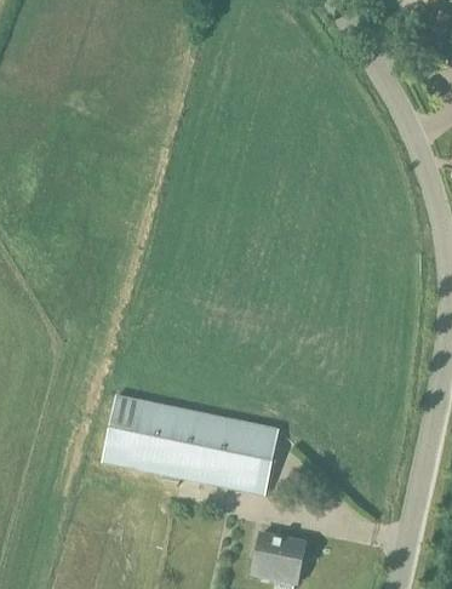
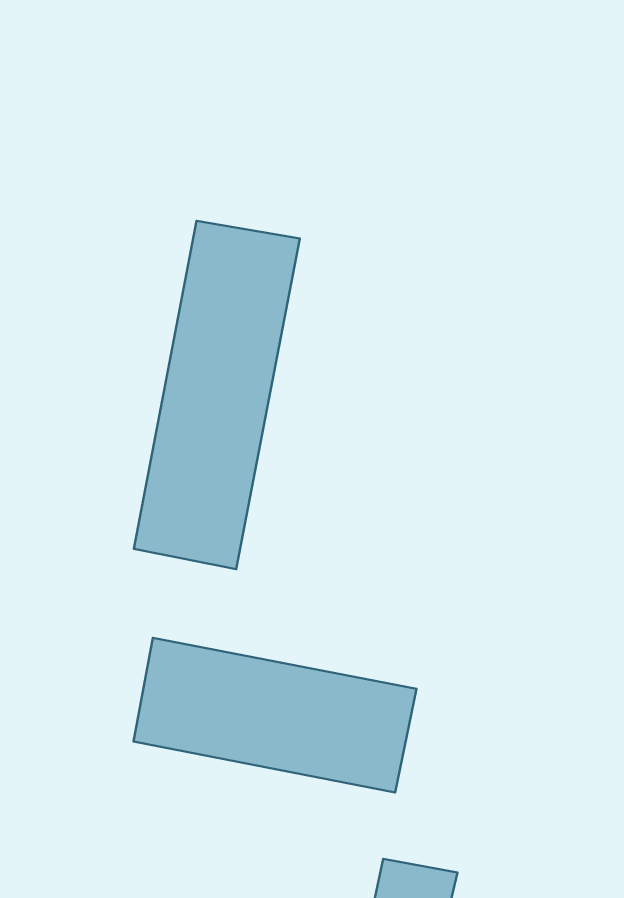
building: none -> [134,221,300,569]

